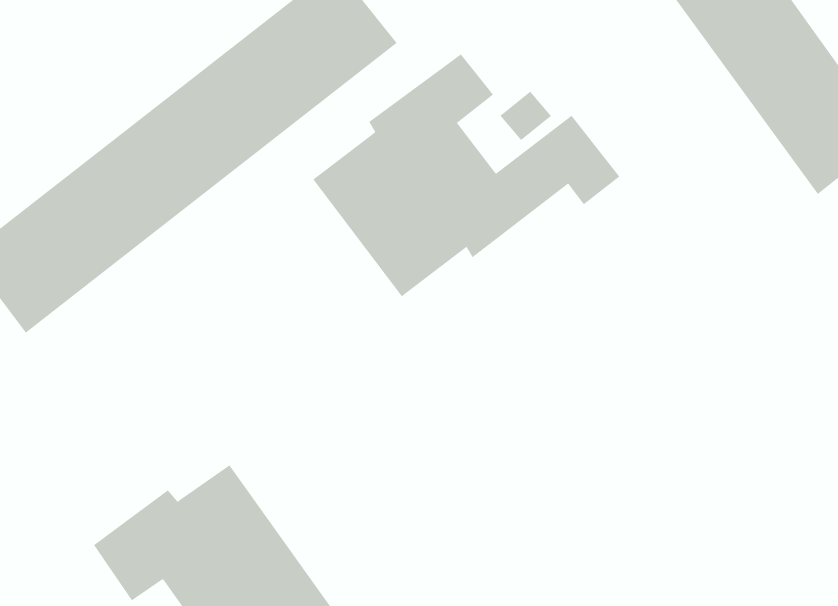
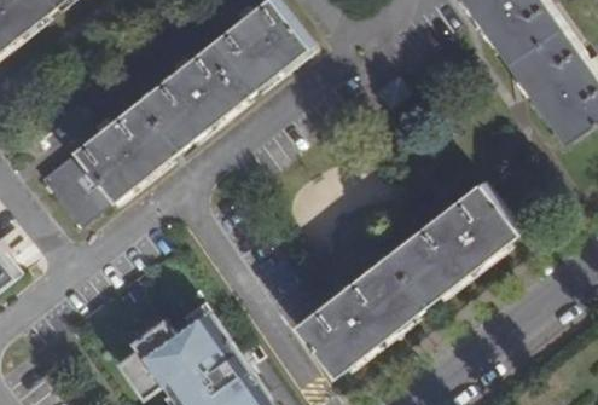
building: [312,53,620,297] -> none
building: none -> [295,183,522,376]

